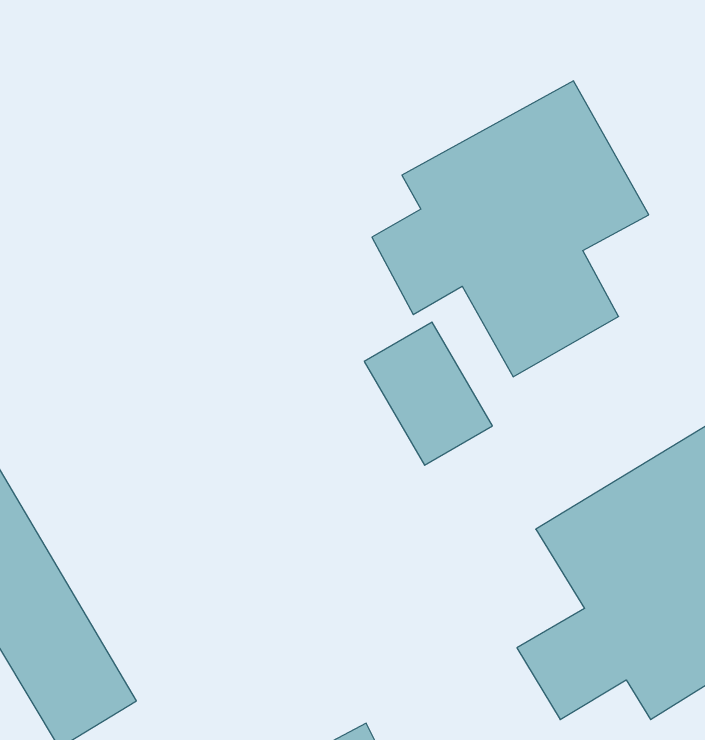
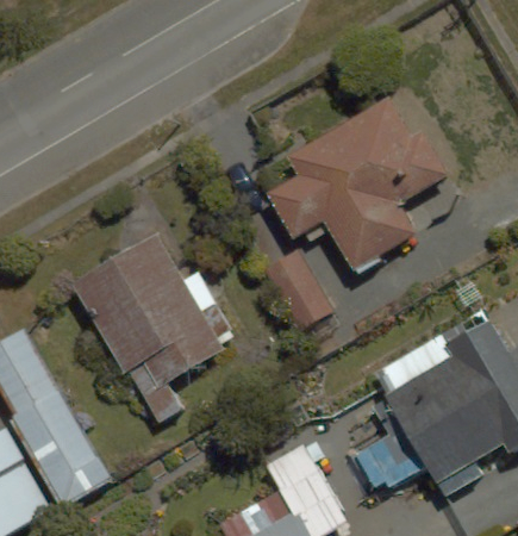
building: none -> [81,243,225,426]

